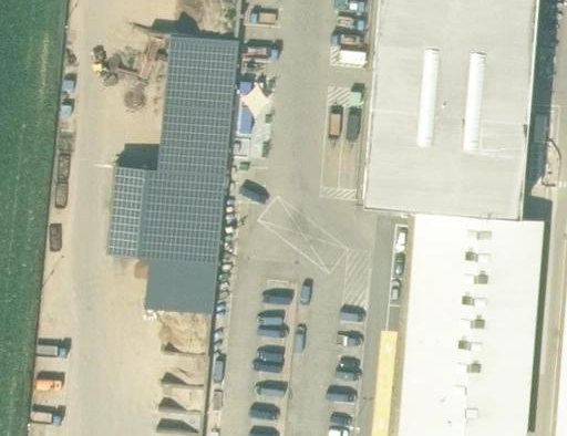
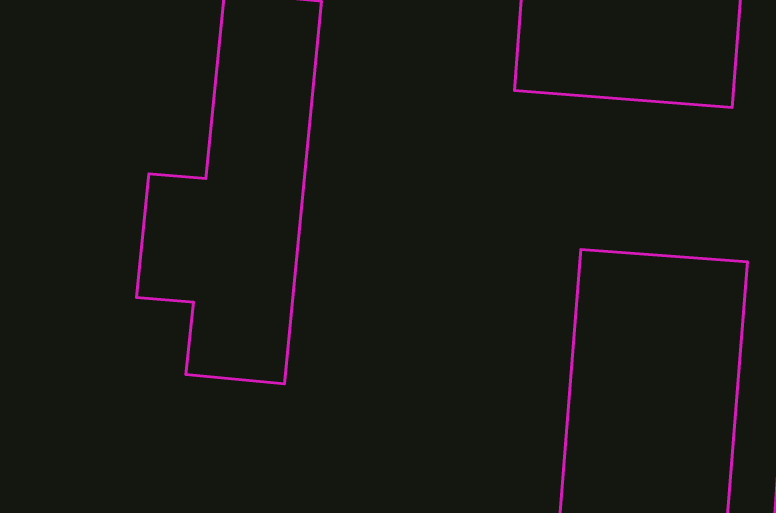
building: [365,104,530,217] -> none

